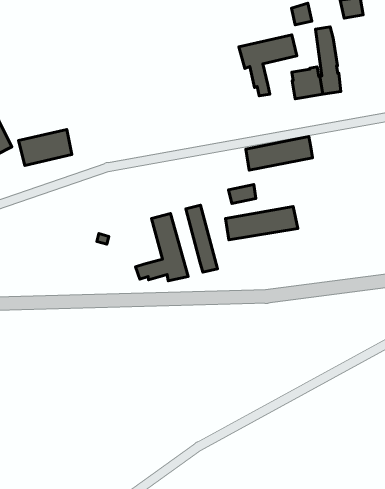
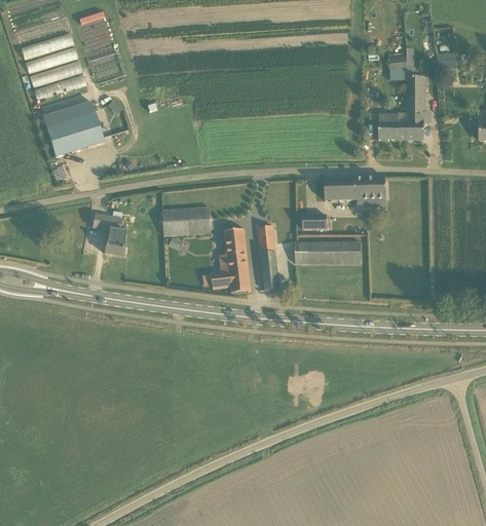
building: [239,35,297,96] -> none
building: [19,129,72,165] -> [162,206,211,234]
building: none -> [92,214,126,255]

